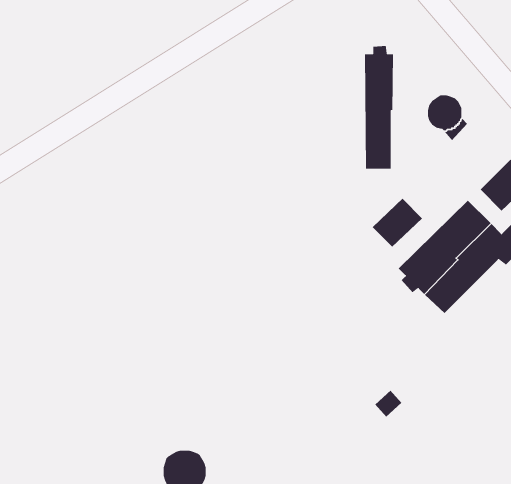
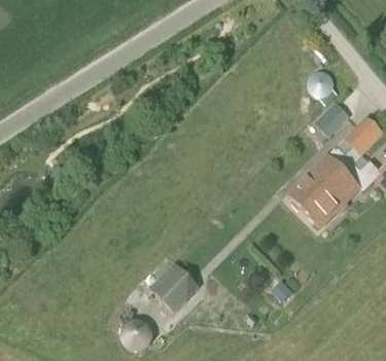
building: [364,45,394,170] -> none
building: [372,198,423,248] -> [312,102,348,137]
building: none -> [147,262,199,314]

